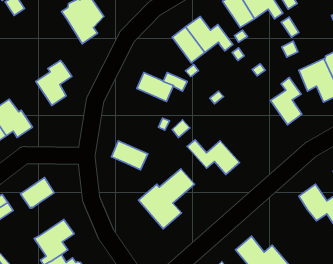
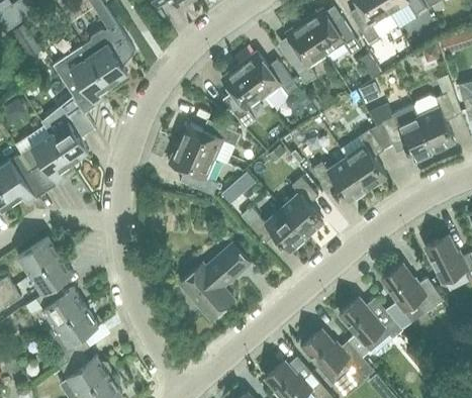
building: none -> [53,45,108,112]
building: none -> [21,133,70,191]
building: none -> [310,158,367,201]
building: none -> [282,177,323,235]
building: [112,141,148,170] -> [169,142,214,179]
building: none -> [17,235,61,275]
building: none -> [35,284,85,327]
building: none -> [339,297,402,354]

